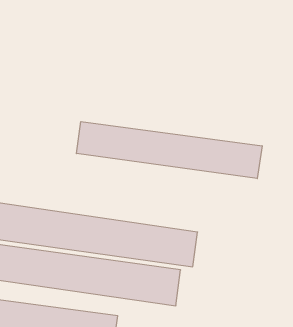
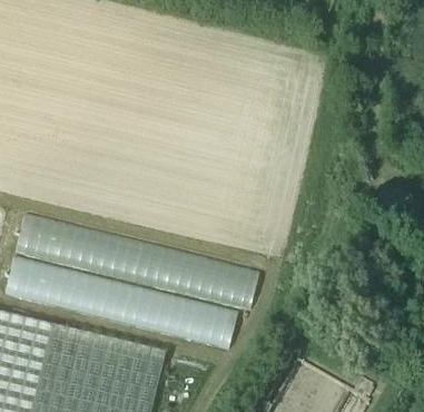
building: [76,122,262,179] -> none

